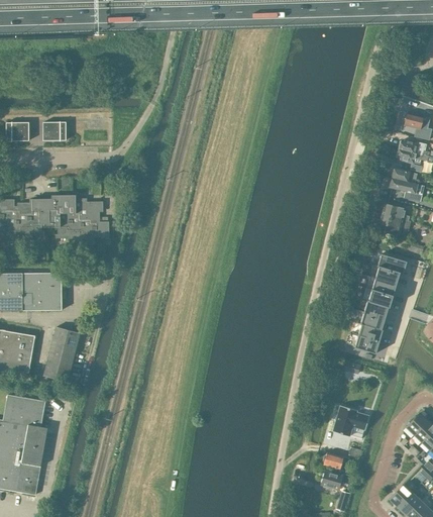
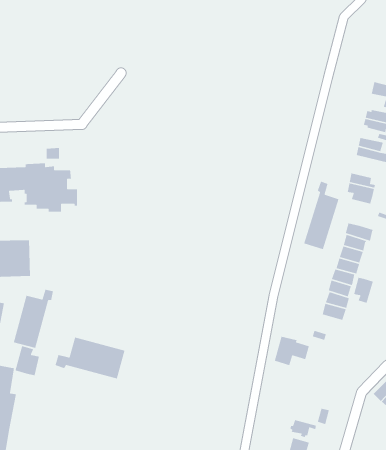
building: [42,122,66,140] -> none
building: none -> [303,180,339,250]
building: none -> [353,277,374,304]
building: none -> [54,336,126,380]
building: none -> [14,345,40,376]
building: [333,406,369,436] -> [274,336,310,366]

